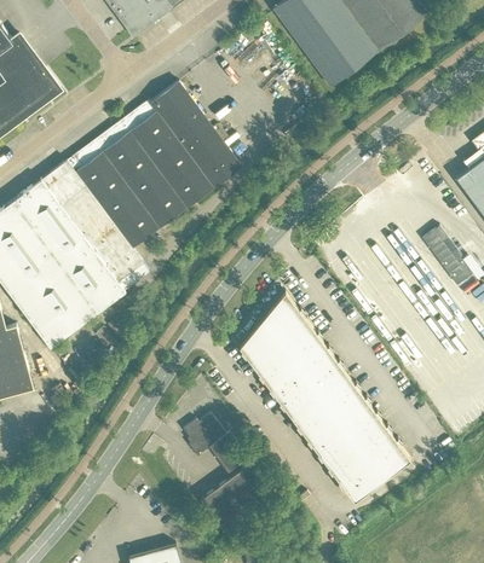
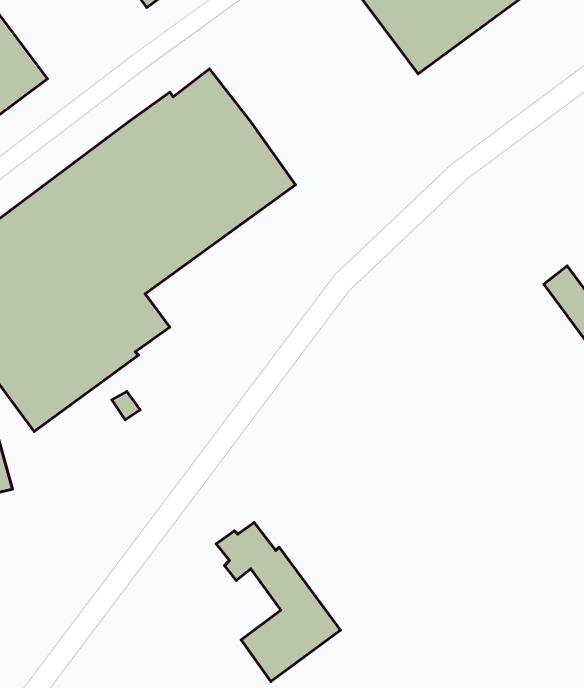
building: [238,292,410,501] -> none

